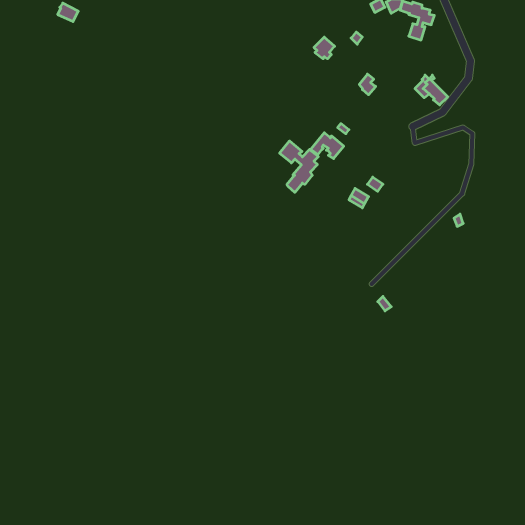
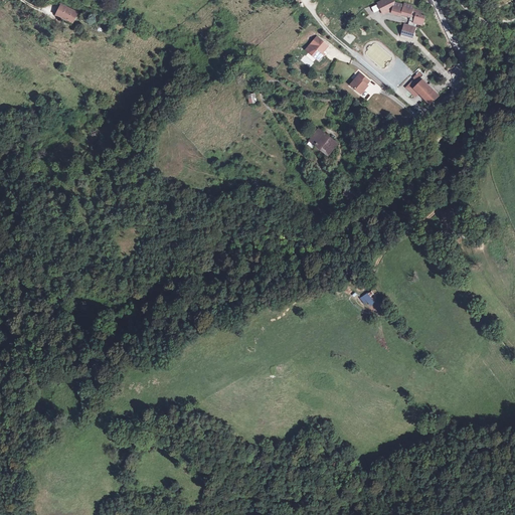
building: [280,141,318,192] -> none

